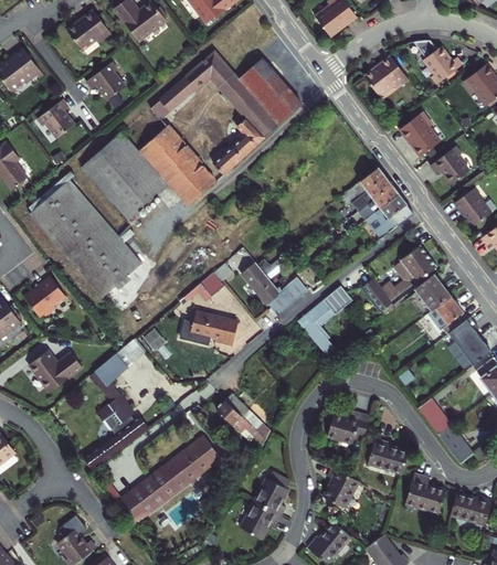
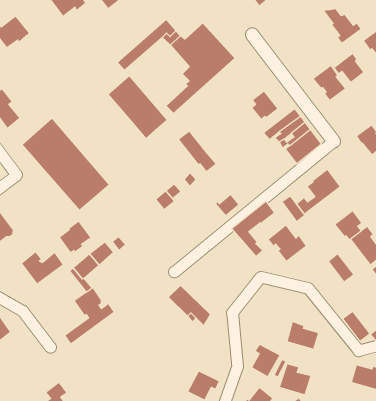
building: [366,56,409,95] -> none
building: [86,61,125,98] -> none
building: [36,98,74,137] -> none
building: [81,131,169,221] -> none
building: none -> [251,91,278,120]
building: [432,147,470,184] -> [334,53,364,83]
building: [241,262,289,313] -> [178,131,216,172]
building: [415,274,452,311] -> none
building: [24,275,65,316] -> [59,221,91,253]
building: [179,310,236,344] -> none
building: none -> [268,225,307,262]
building: [419,398,452,435] -> [328,254,354,282]
building: [328,412,369,445] -> none
building: [117,435,221,523] -> none
building: [255,471,289,514] -> none
building: [404,473,445,513] -> [279,364,311,395]

